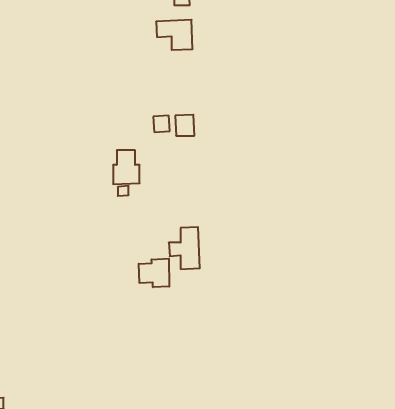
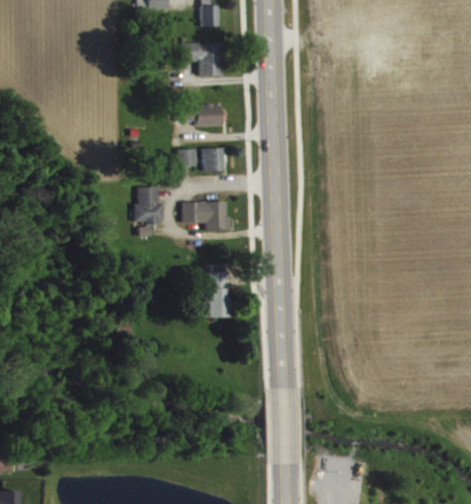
building: none -> [197,105,222,126]
building: none -> [183,201,228,230]
building: [139,259,169,287] -> none

